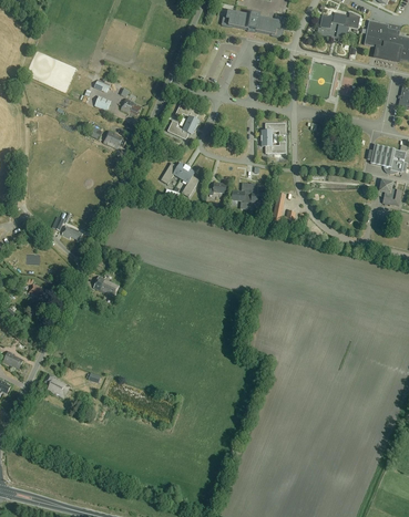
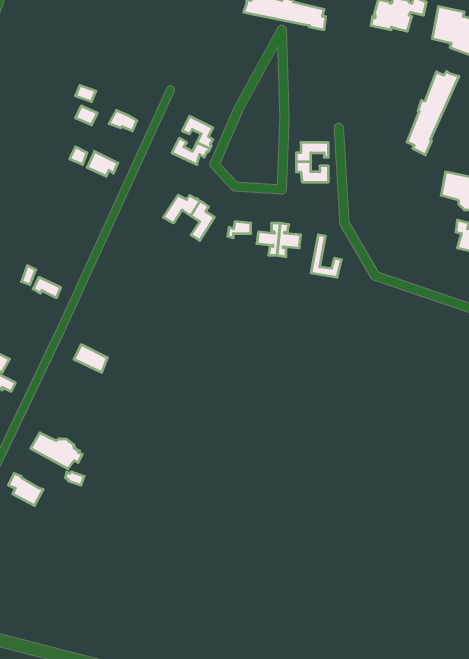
building: none -> [407,71,459,155]
building: none -> [31,433,82,469]

